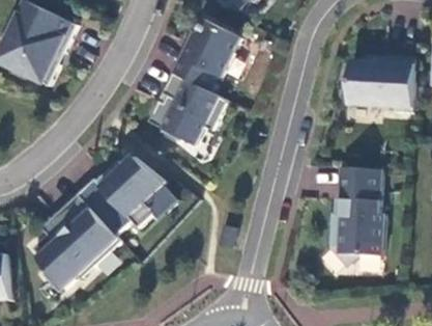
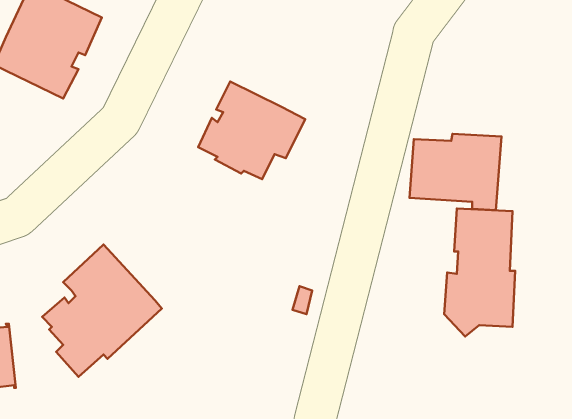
building: [172,18,241,90] -> none
building: [348,55,416,112] -> [410,134,501,210]
building: [78,156,167,235] -> none

